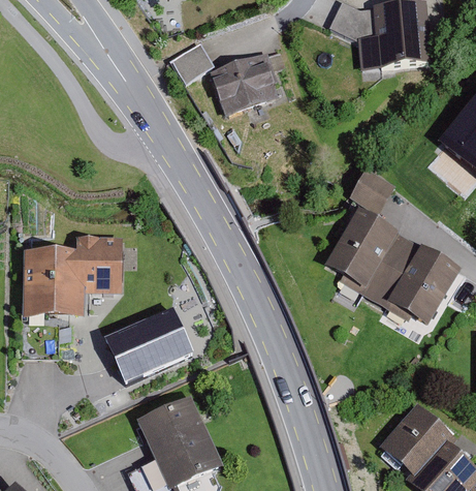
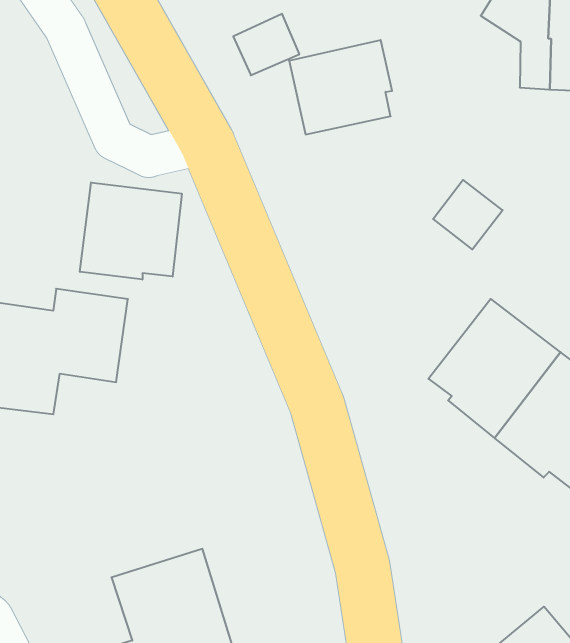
building: none -> [80,182,182,280]
building: [350,166,394,211] -> [433,180,503,249]
building: [115,308,190,380] -> none

